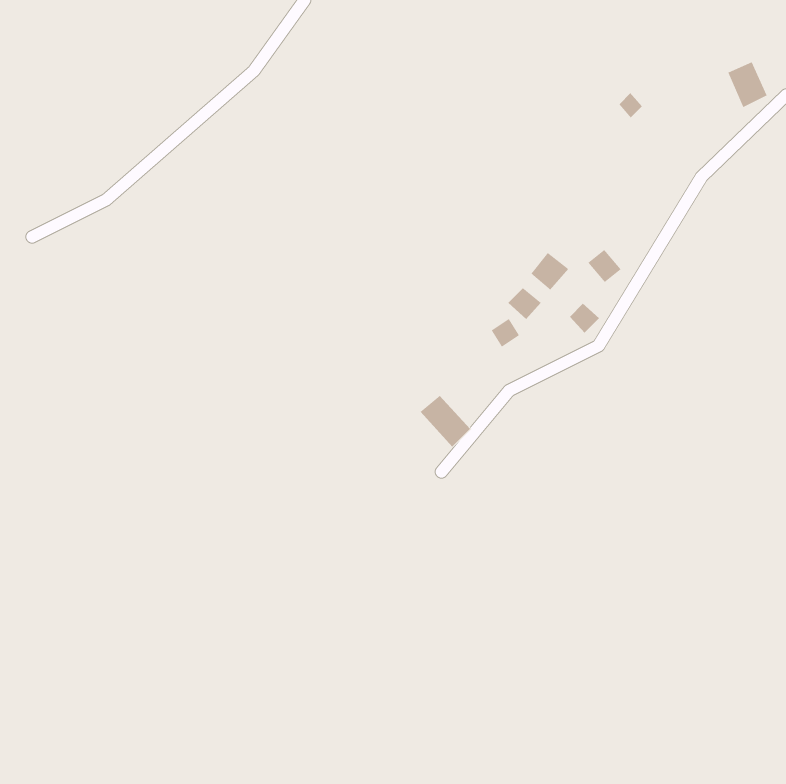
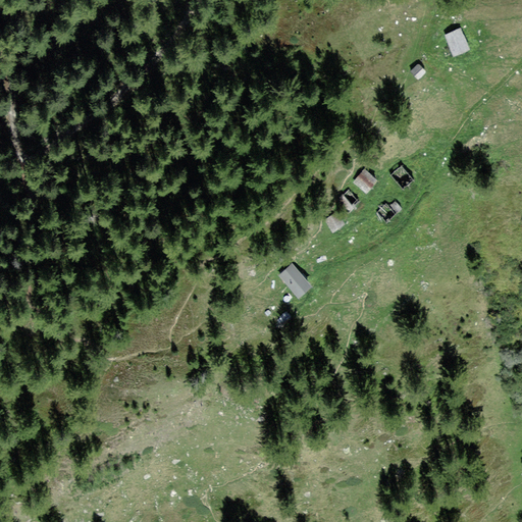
building: [727,62,767,108] -> [442,28,469,58]

